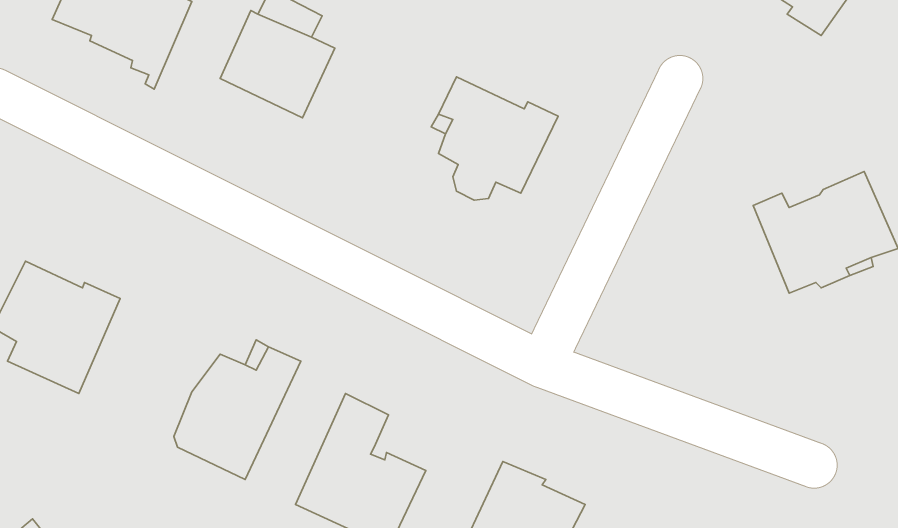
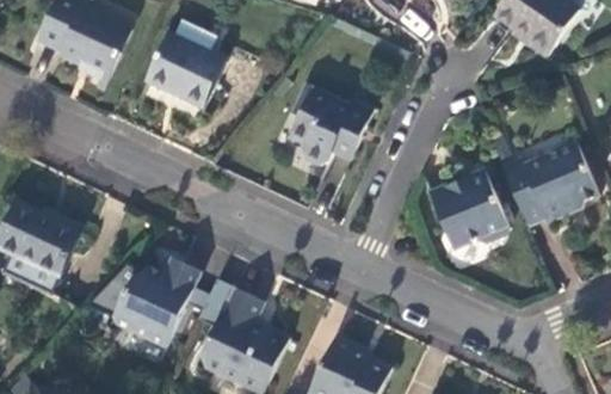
building: none -> [427,167,507,245]

